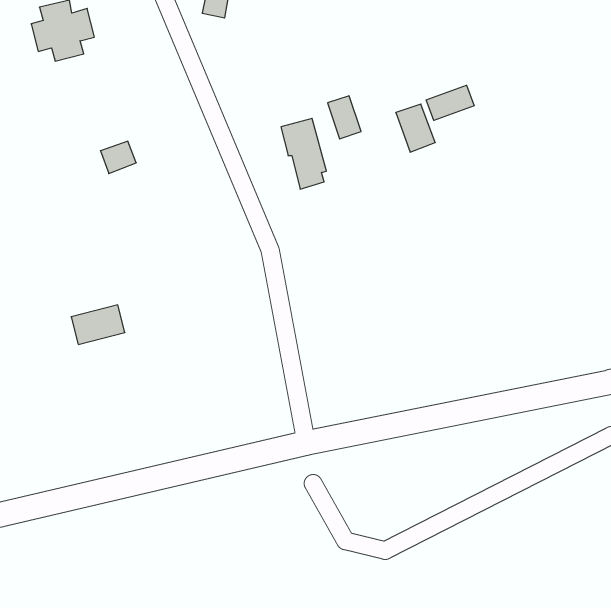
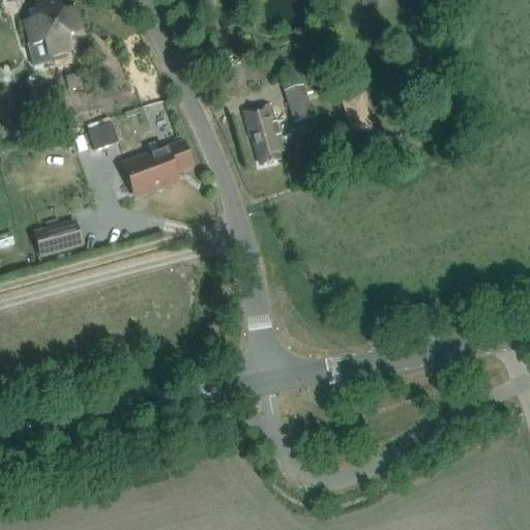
building: [426,85,474,120] -> none
building: none -> [125,142,192,195]
building: [71,305,125,344] -> [34,220,81,255]

